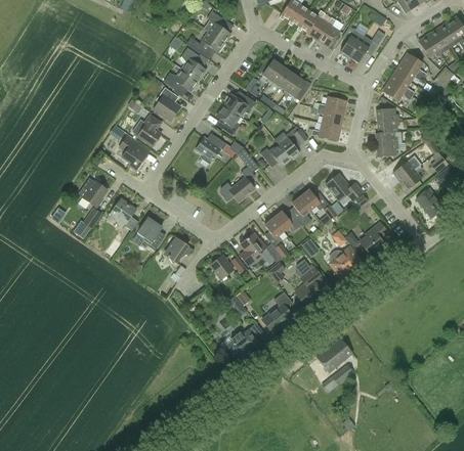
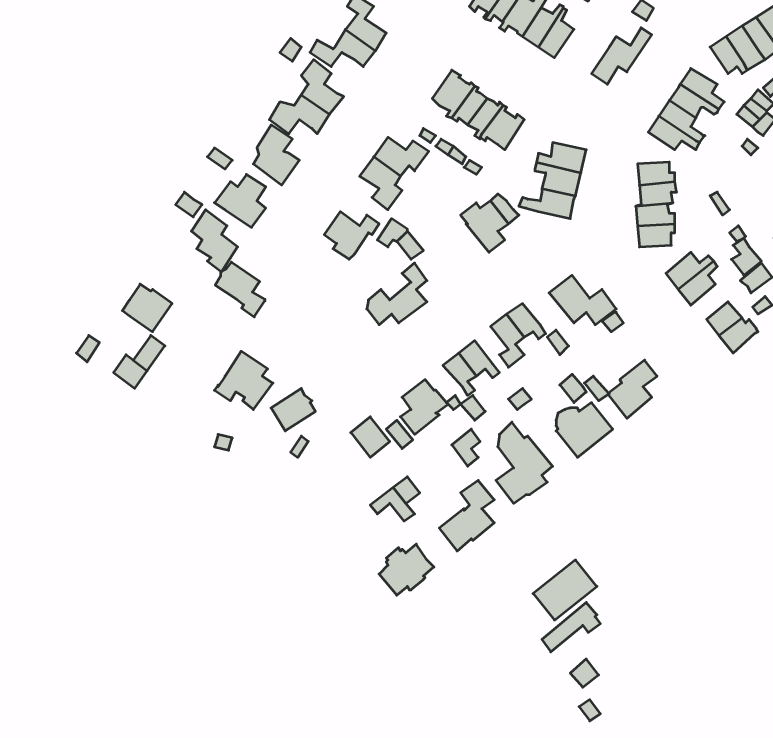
building: [341,26,365,56] -> none
building: [261,143,291,167] -> none
building: [111,198,139,230] -> [215,262,265,317]

